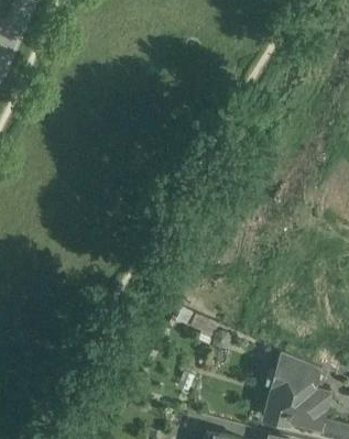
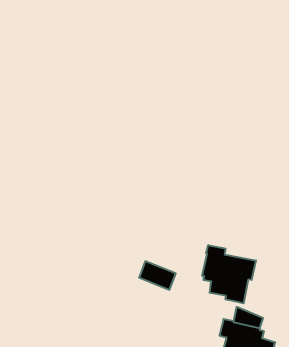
building: none -> [202,245,256,303]

